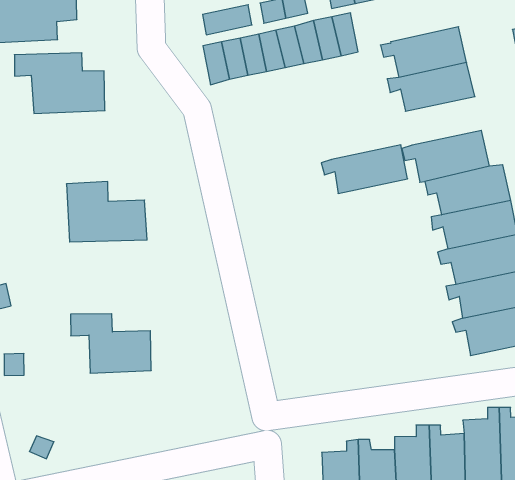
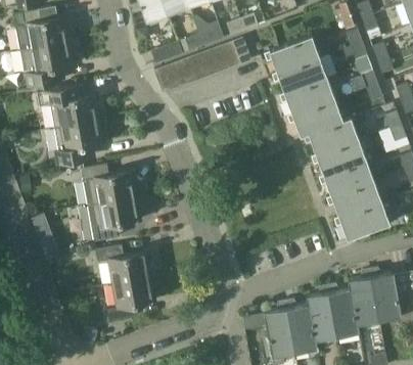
building: none -> [55,121,104,166]
building: [321,145,408,193] -> [280,79,335,115]
building: none -> [89,197,141,242]
building: none -> [107,278,156,323]

